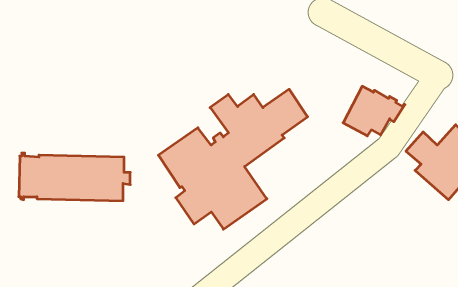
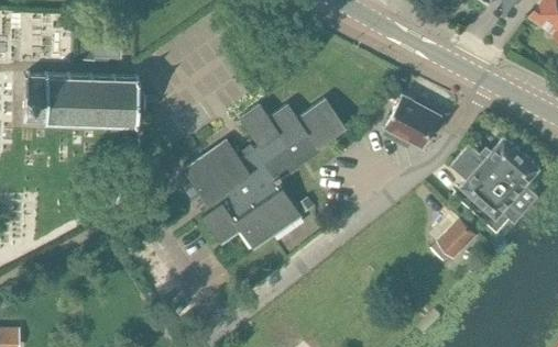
building: [19,153,130,201] -> [23,75,144,126]
building: none -> [428,212,478,261]

